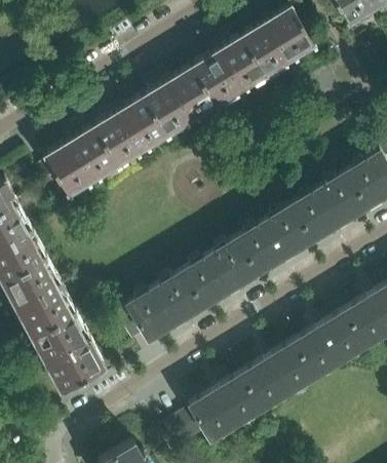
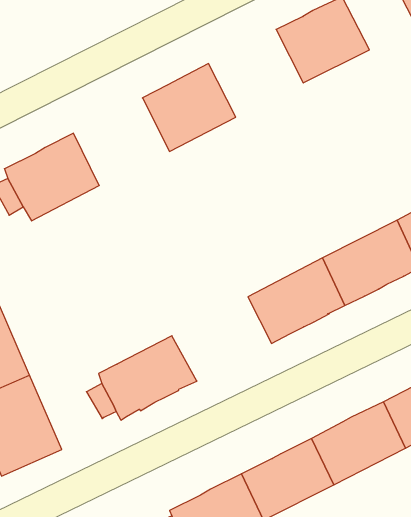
building: [193,36,266,105] -> none
building: [94,95,168,164] -> none
building: [181,240,257,307] -> none

